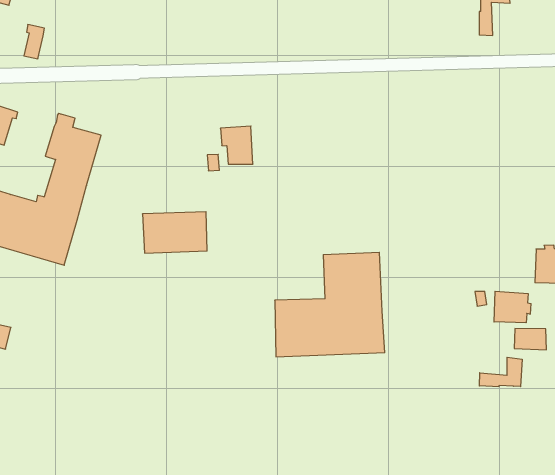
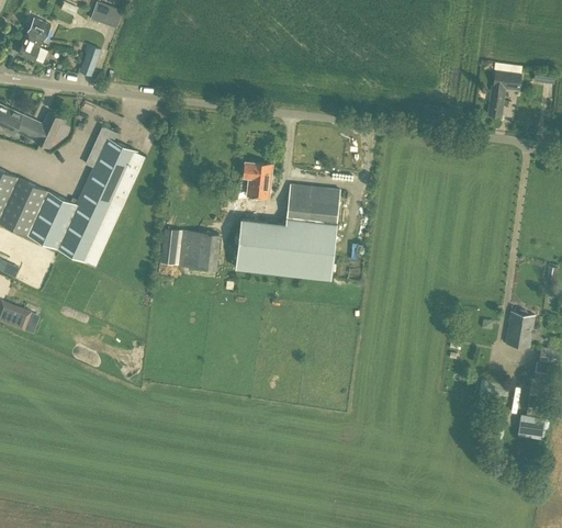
building: [275,252,385,357] -> [234,184,340,280]
building: [494,291,531,323] -> none
building: [479,357,522,387] -> none

